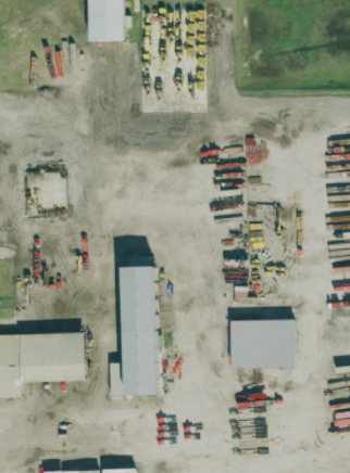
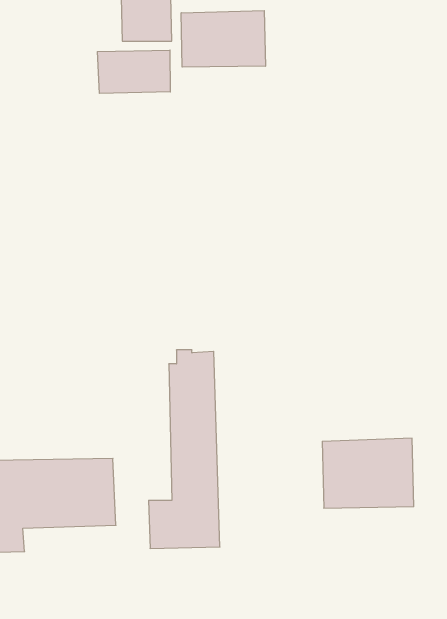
building: none -> [181,11,265,67]
building: none -> [97,50,170,93]

